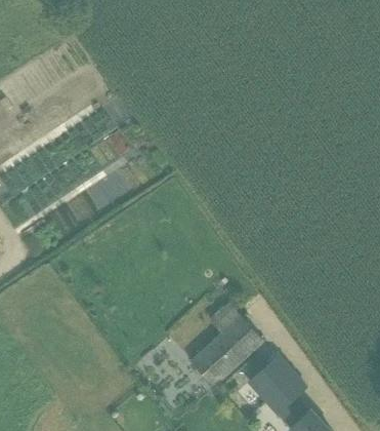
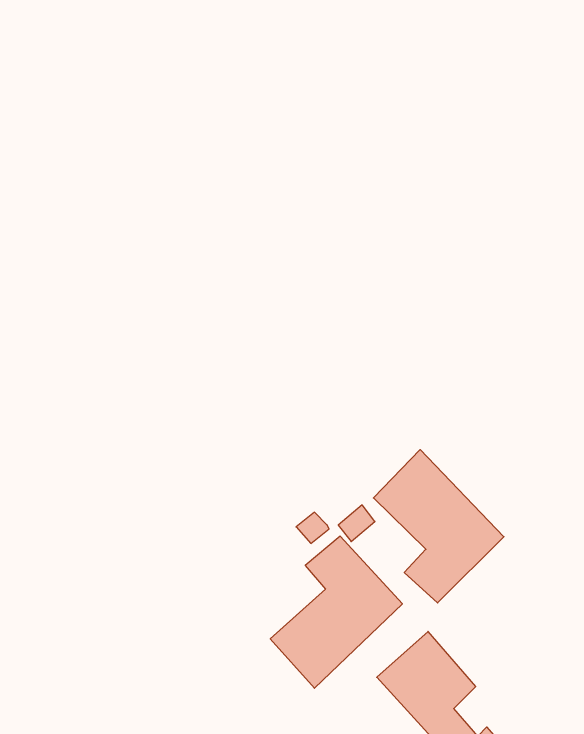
building: none -> [373,450,504,603]

